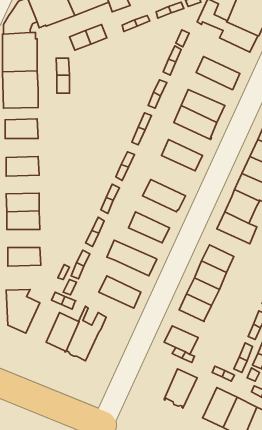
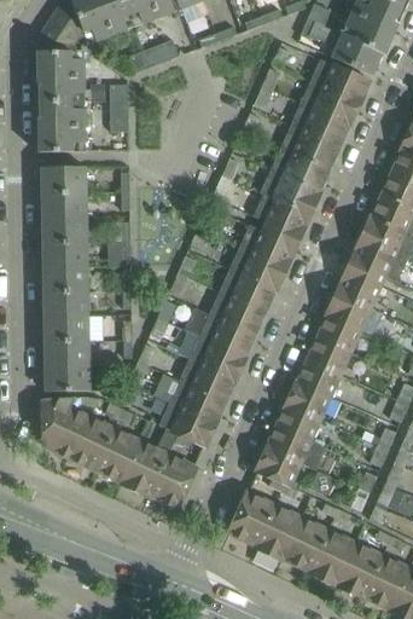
building: none -> [310,58,372,105]
building: none -> [290,104,349,149]
building: none -> [261,172,320,216]
building: none -> [42,193,87,219]
building: none -> [239,221,299,271]
building: none -> [43,243,88,268]
building: none -> [219,271,274,314]
building: none -> [185,307,255,355]
building: none -> [319,316,362,353]
building: none -> [45,317,89,341]
building: none -> [180,358,237,401]
building: none -> [46,365,91,393]
building: none -> [159,401,216,446]
building: none -> [70,416,116,470]
building: none -> [268,426,326,469]
building: none -> [151,452,197,507]
building: none -> [229,492,275,546]
building: none -> [283,517,328,569]

